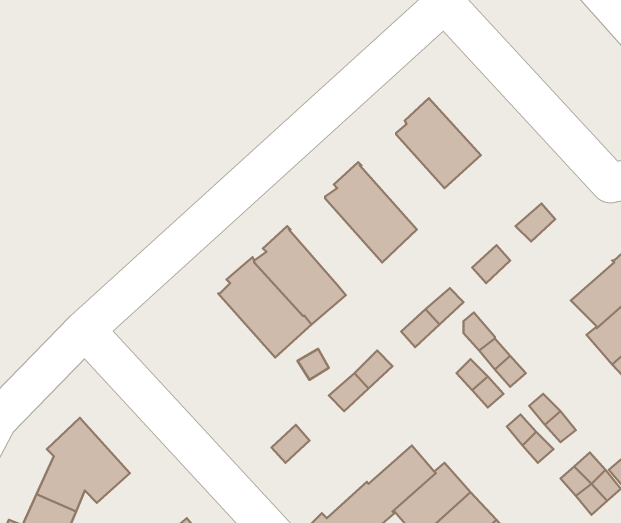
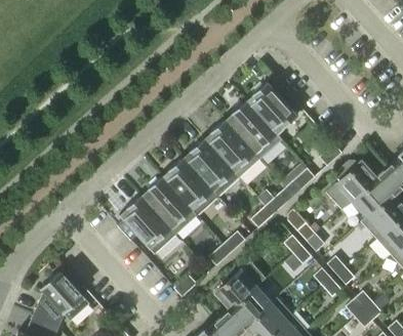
building: none -> [227,99,282,159]
building: none -> [185,137,240,198]
building: none -> [328,161,377,209]
building: none -> [118,195,176,254]
building: none -> [216,261,266,309]

